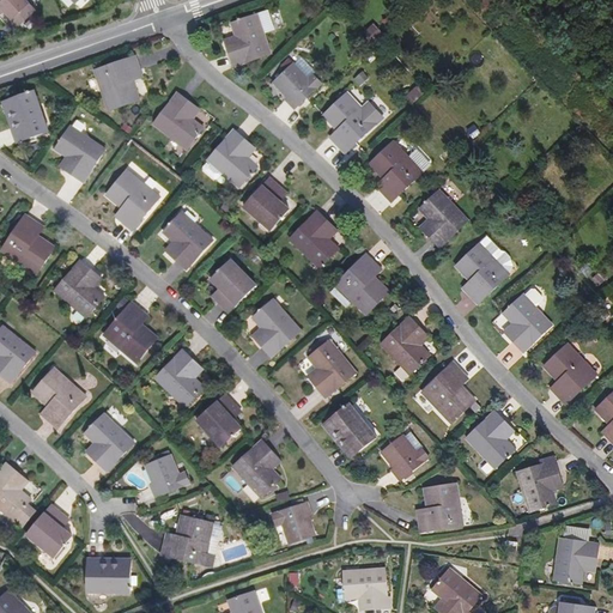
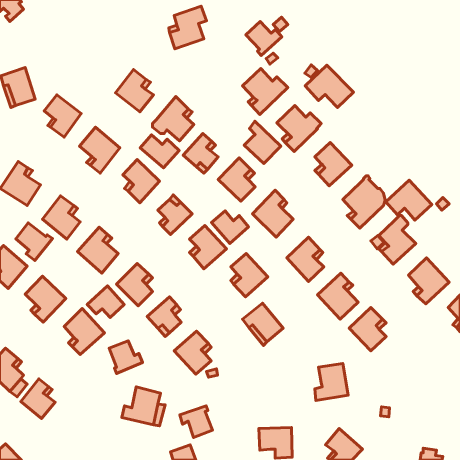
building: [92,55,139,110] -> none
building: [273,62,321,108] -> [246,21,282,56]
building: none -> [305,65,353,107]
building: none -> [244,121,281,164]
building: none -> [140,135,179,168]
building: none -> [386,180,432,220]
building: none -> [211,211,249,243]
building: none -> [16,223,52,261]
building: none -> [87,286,124,317]
building: [381,429,430,479] -> none
building: [517,460,562,511] -> none
building: [272,503,315,545] -> [180,406,212,438]
building: [550,523,599,583] -> none
building: [87,560,133,596] -> none

